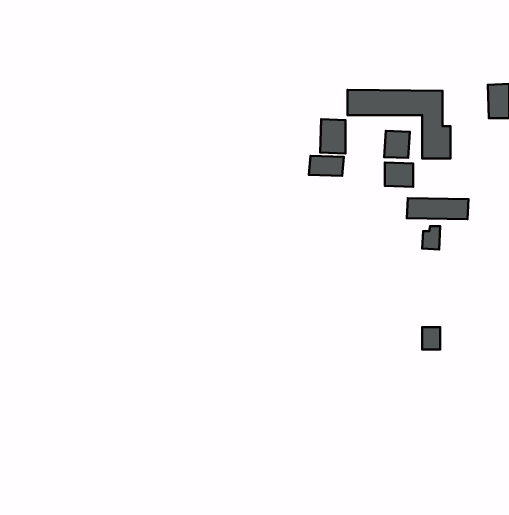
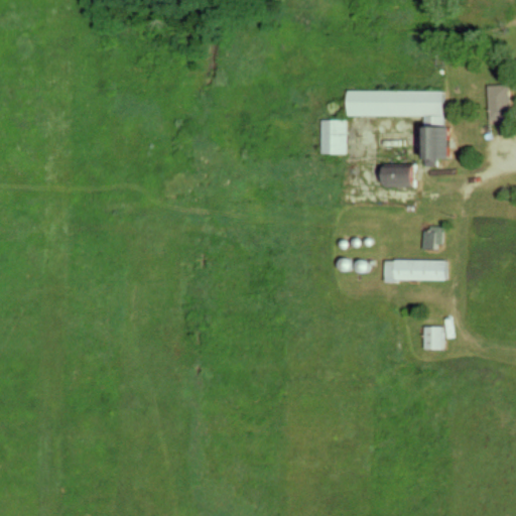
building: [384,131,410,158] -> none
building: [309,156,344,176] -> none
building: [407,198,469,219] -> [383,260,444,281]

